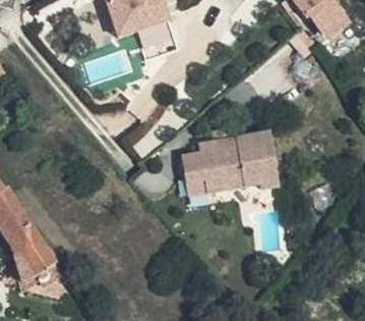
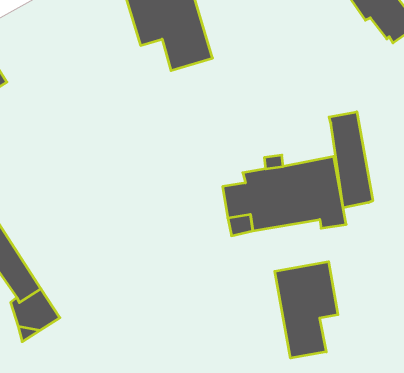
building: none -> [329,112,373,208]
building: none -> [275,262,338,358]

